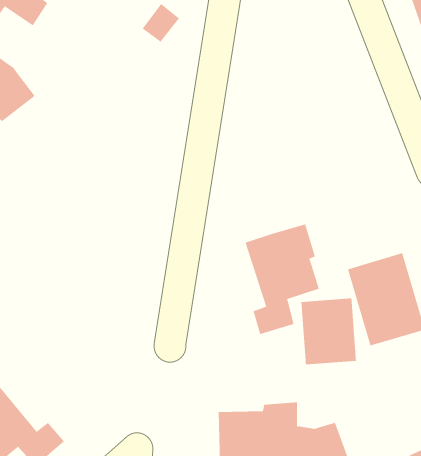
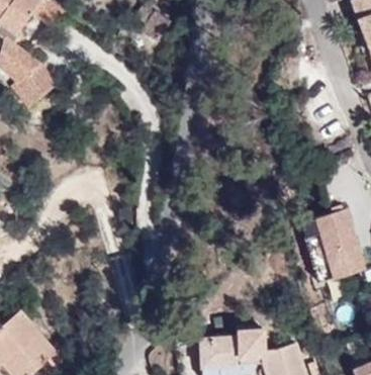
building: [245,224,319,335] -> none
building: [301,298,356,365] -> none

